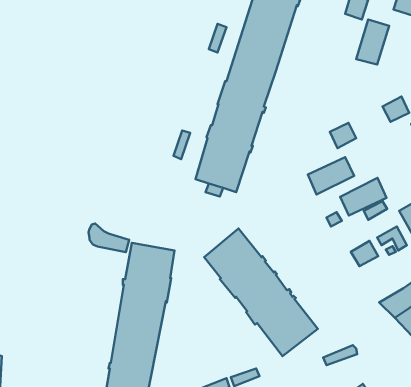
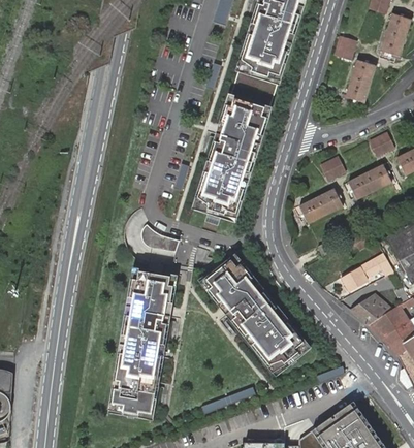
building: [340,178,386,215] -> [348,164,391,199]
building: [89,223,129,252] -> [140,225,179,252]
building: none -> [349,296,389,325]

